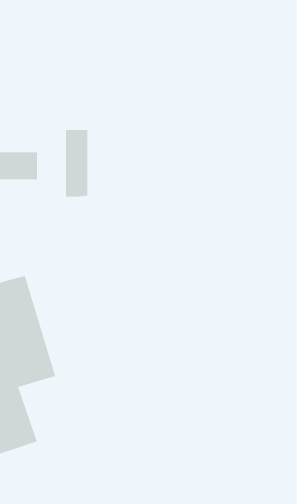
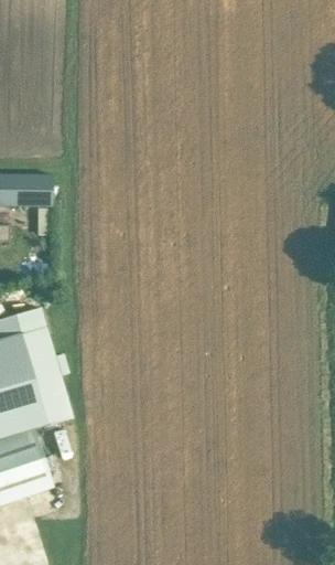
building: [65,129,88,198] -> none

